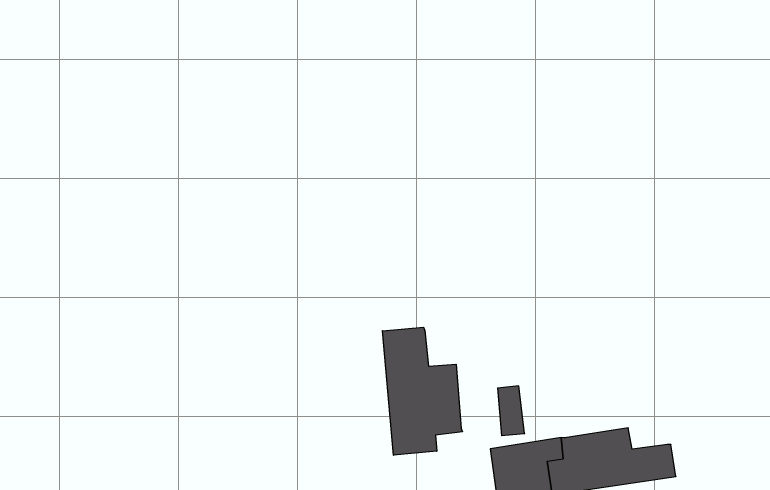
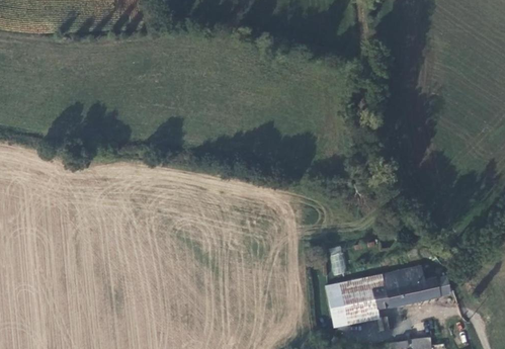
building: [382,327,462,455] -> none

